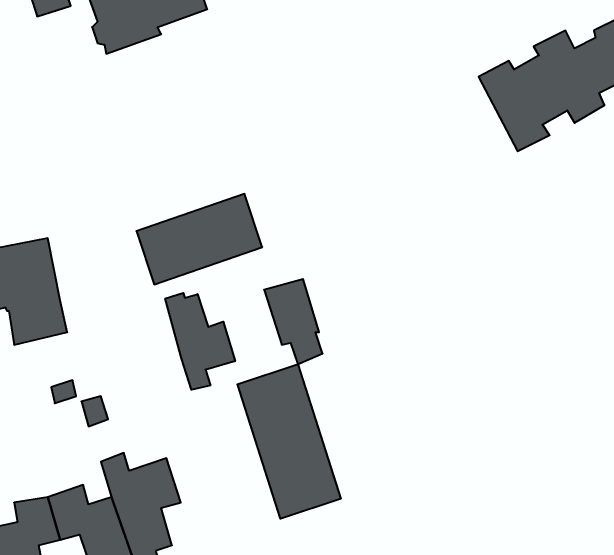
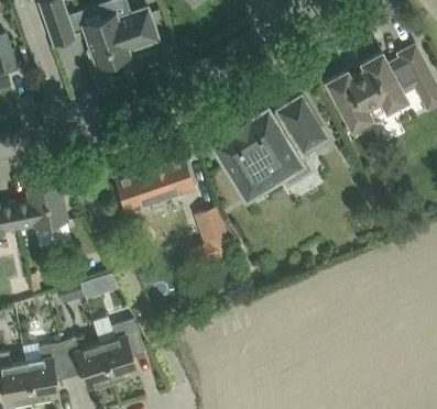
building: none -> [210,97,326,198]
building: [165,293,235,390] -> none
building: [237,364,341,519] -> none

